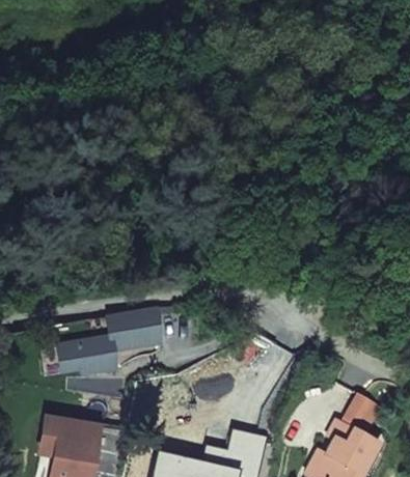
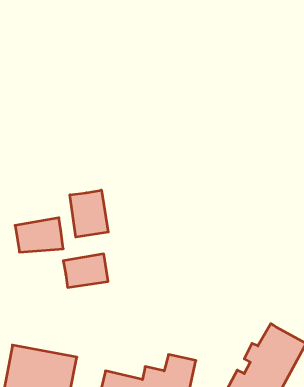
building: none -> [70,190,108,237]
building: [56,334,114,375] -> [15,218,63,252]

